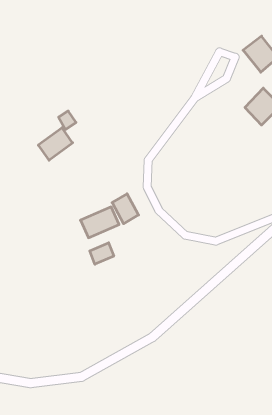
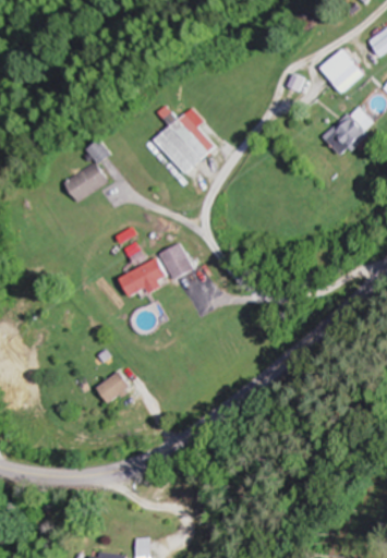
building: none -> [153,106,213,173]
building: [90,243,114,264] -> none
building: none -> [97,371,130,404]

